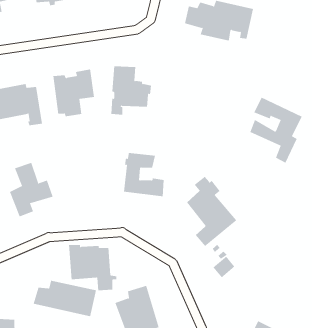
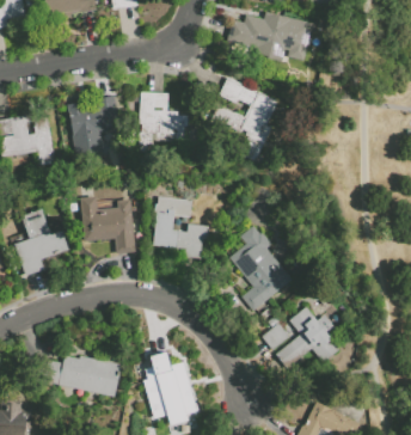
building: [249,97,303,164] -> [213,75,277,157]
building: none -> [276,306,339,368]
building: [68,245,117,291] -> [80,196,140,252]

